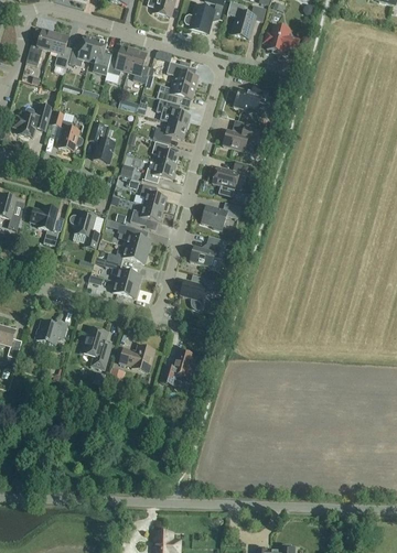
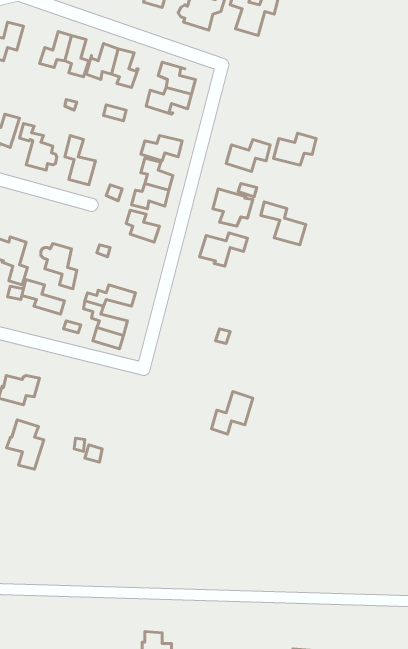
building: [264,24,300,52] -> none
building: [50,31,71,67] -> none
building: [234,84,269,110] -> [274,133,316,165]
building: [155,98,190,126] -> none
building: none -> [261,202,306,245]
building: [130,203,163,225] -> none
building: [116,223,151,251] -> [22,280,64,314]
building: [190,235,227,271] -> none
building: [180,276,214,308] -> none
building: [81,327,111,368] -> [7,420,44,469]
building: [119,344,154,371] -> none
building: [160,349,194,384] -> [212,392,253,434]

